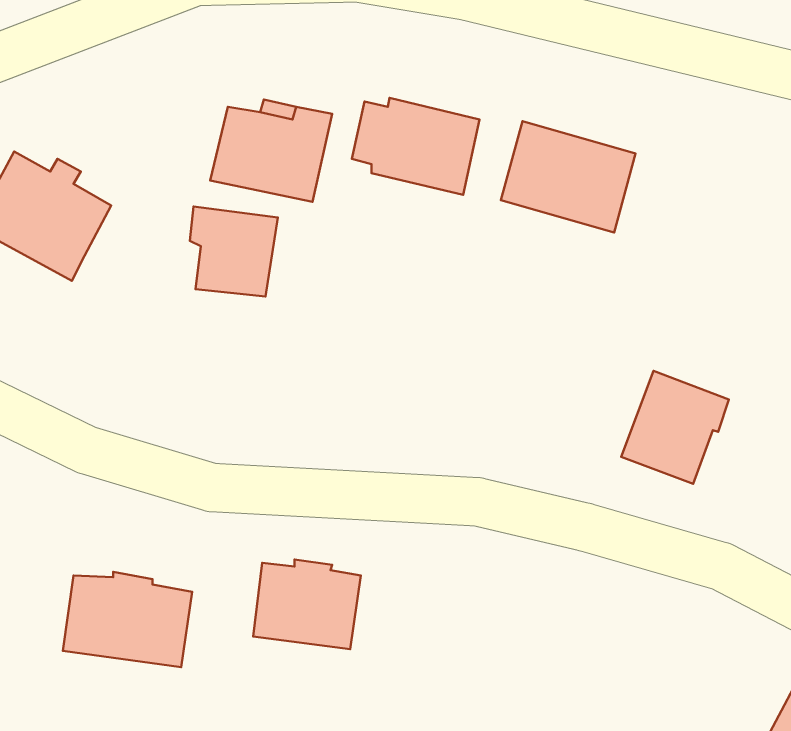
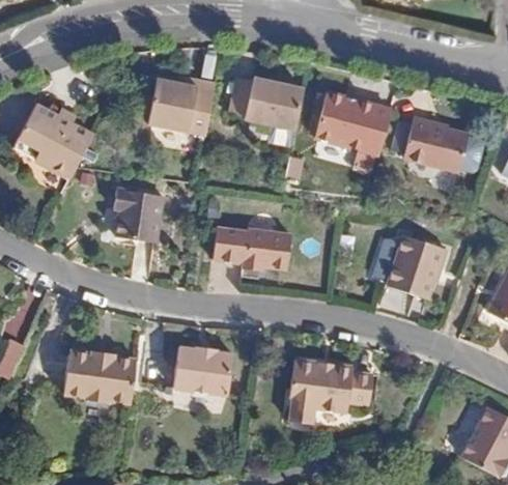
building: none -> [407,114,474,167]
building: [190,207,278,296] -> [110,194,161,246]
building: none -> [210,237,294,281]
building: none -> [285,356,370,421]

